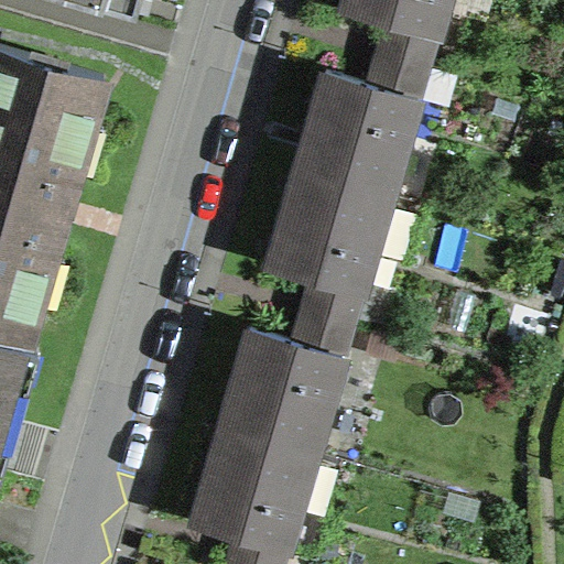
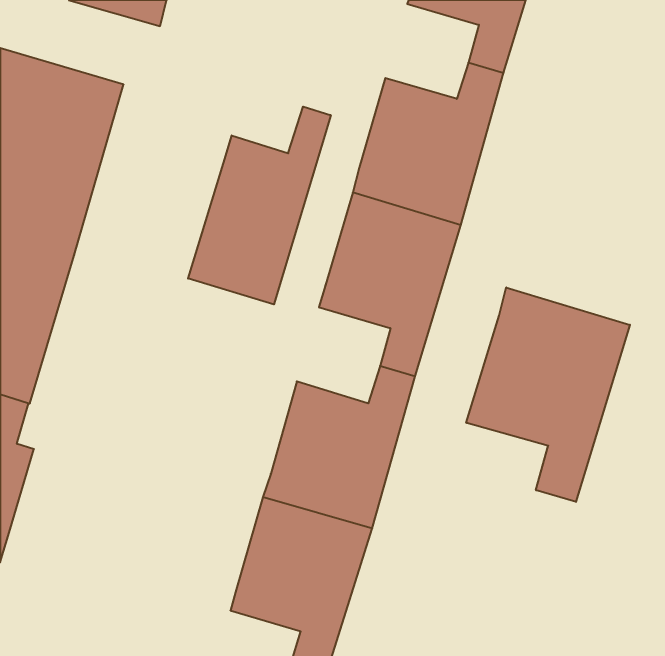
building: none -> [188,107,331,304]
building: none -> [466,287,630,502]

